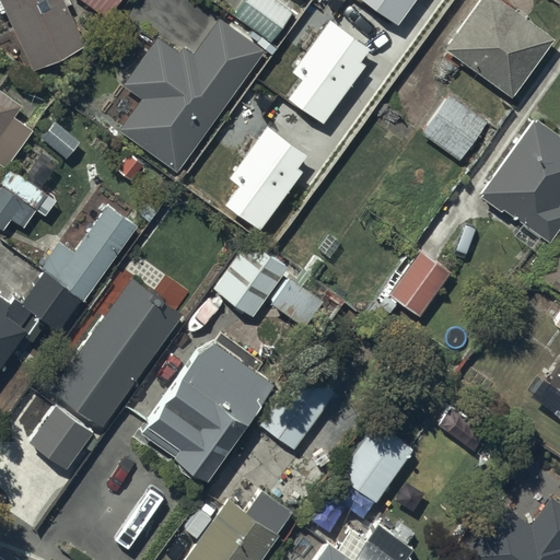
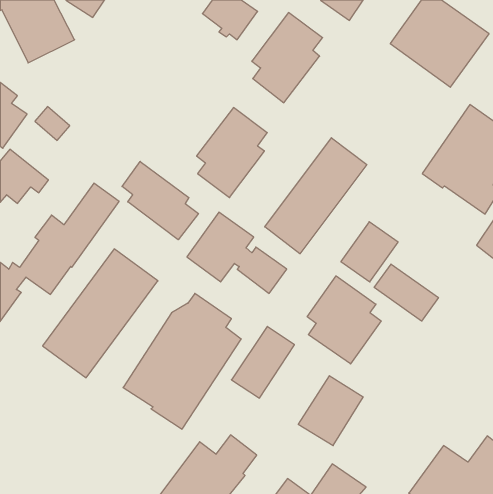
building: [119,21,266,174] -> none
building: [421,95,487,161] -> none
building: none -> [265,138,367,254]
building: none -> [122,161,198,240]
building: none -> [374,264,438,321]
building: none -> [307,276,381,364]
building: [31,408,92,469] -> none

